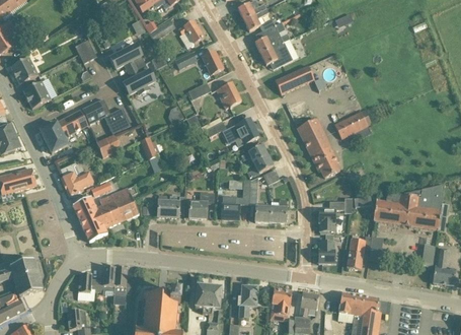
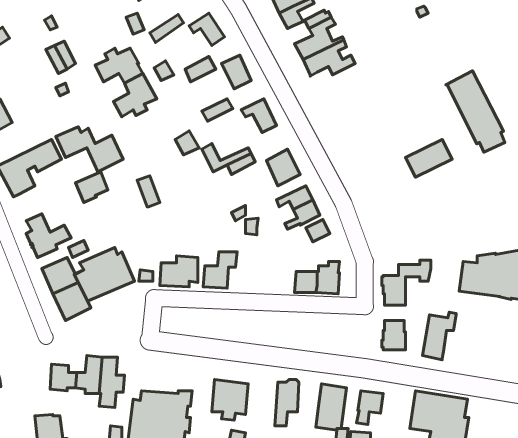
building: [275,65,314,93] -> none
building: [297,118,339,177] -> [446,71,505,152]
building: [221,180,250,220] -> none

